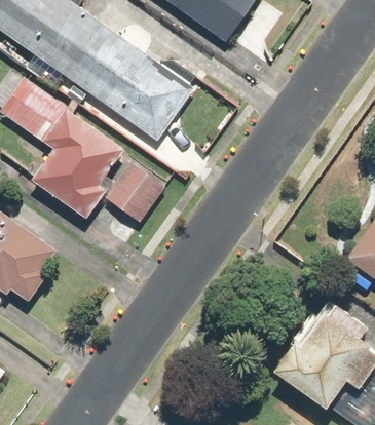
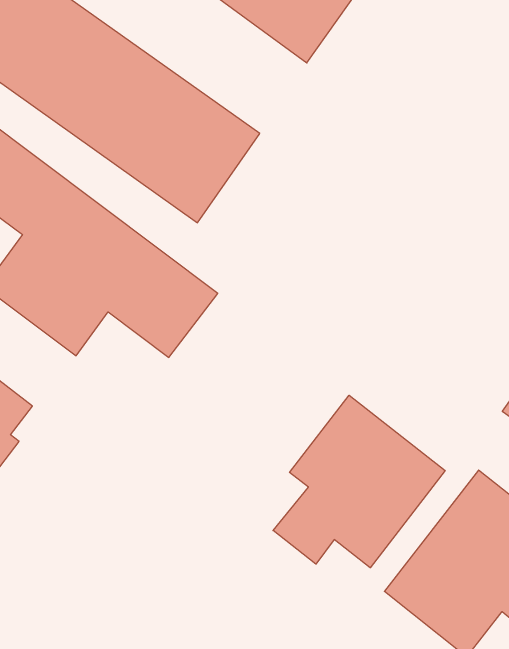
building: none -> [273,395,445,568]

